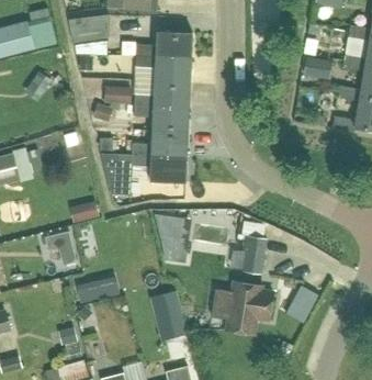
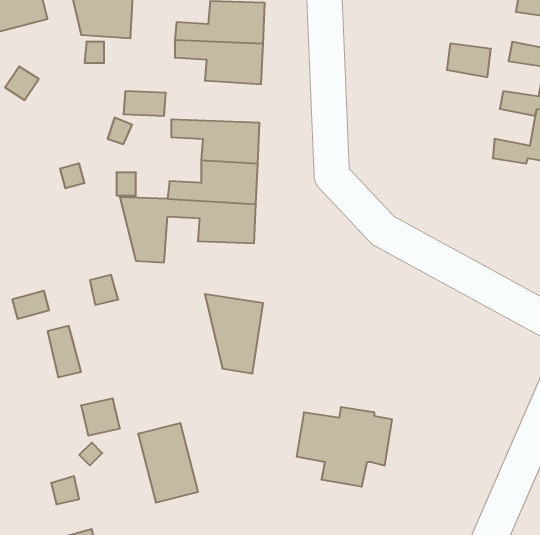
building: [133,80,189,107] -> none
building: [244,234,268,272] -> none
building: [286,283,319,322] -> none
building: [149,290,187,339] -> [138,423,198,503]

